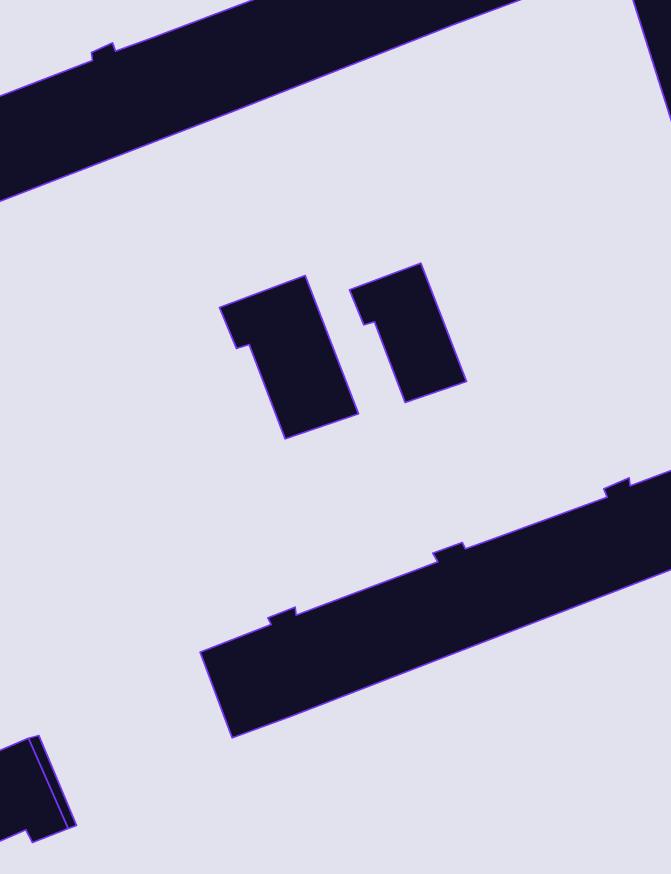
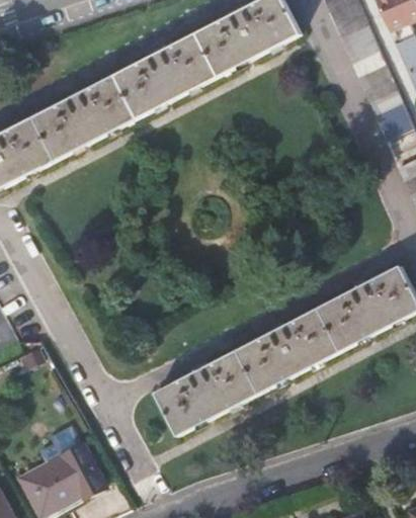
building: [349,263,466,402] -> none
building: [220,276,358,439] -> none

